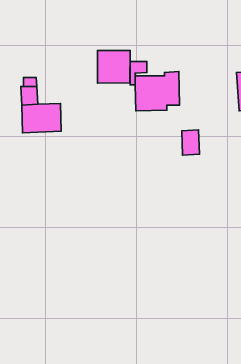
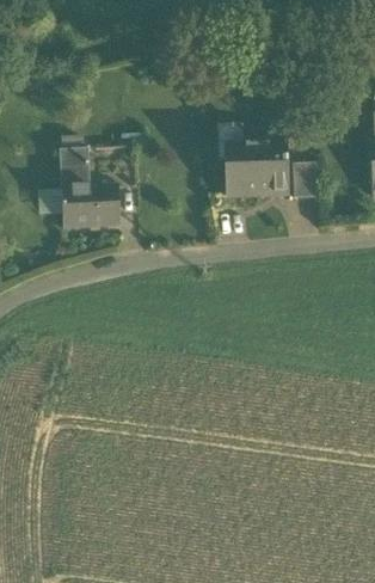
building: [97,50,130,83] -> none
building: [182,130,199,155] -> [290,161,315,197]

